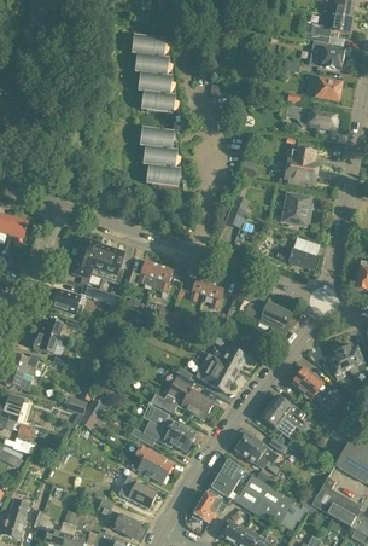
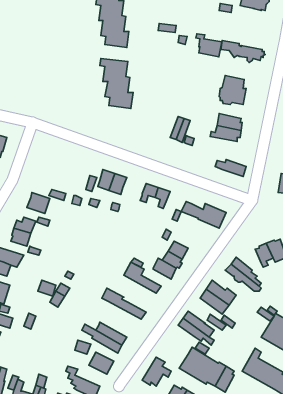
building: [309,72,340,100] -> [196,34,222,57]
building: [72,238,123,283] -> none
building: [151,388,208,419] -> none
building: [130,419,189,451] -> none
building: [210,459,251,495] -> none

